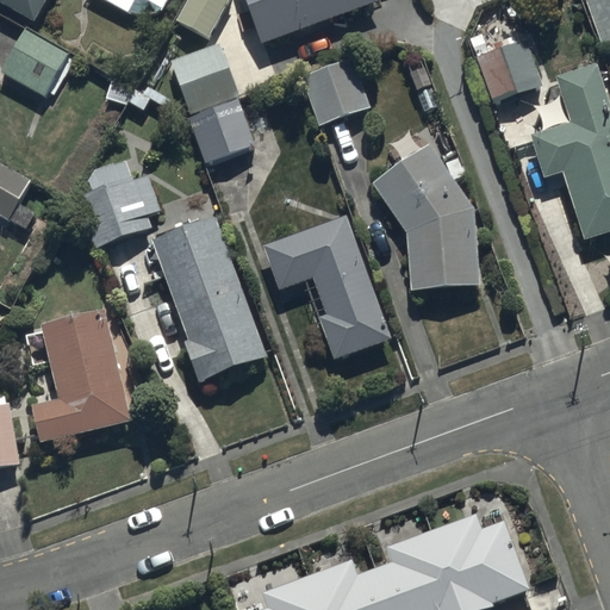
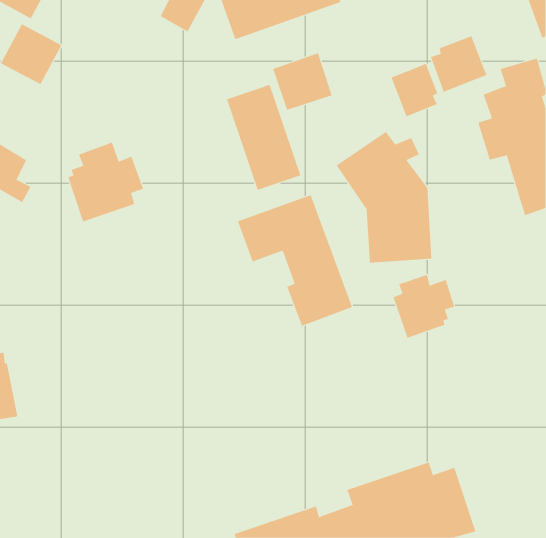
building: [169,44,253,162] -> [226,84,301,190]
building: none -> [391,63,438,117]
building: [151,218,266,381] -> none
building: none -> [393,274,455,339]
building: [29,311,132,446] -> none

